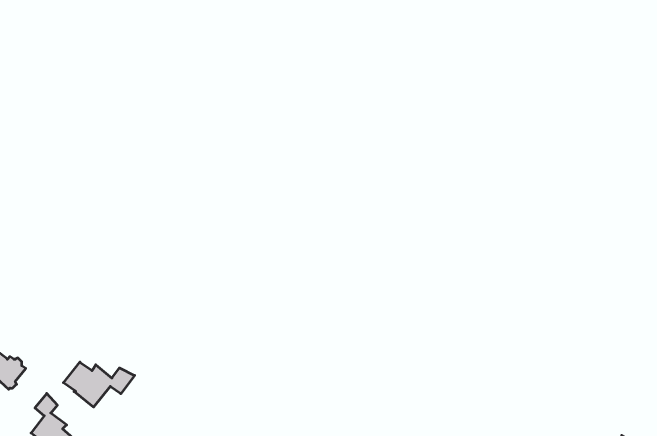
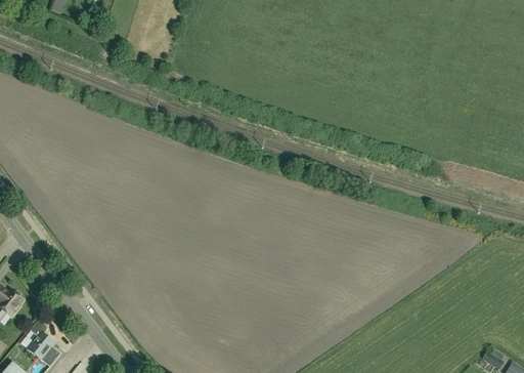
building: [63,362,135,407] -> none

